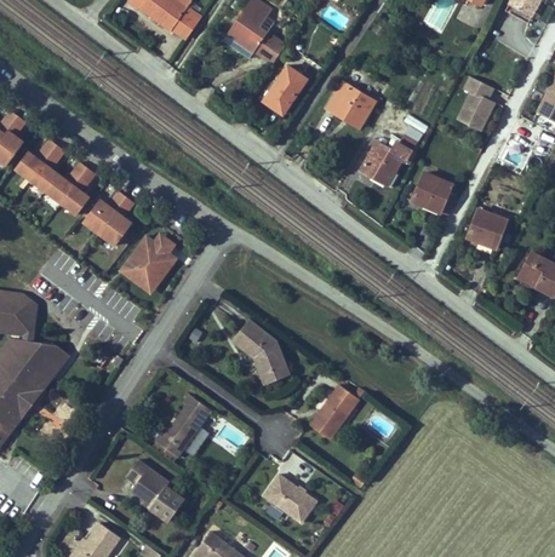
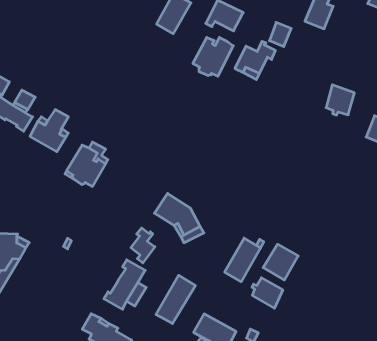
building: none -> [193,37,233,76]
building: [407,167,448,207] -> none
building: none -> [131,228,155,263]
building: none -> [263,244,298,280]
building: none -> [156,275,195,324]
building: none -> [252,278,283,308]

